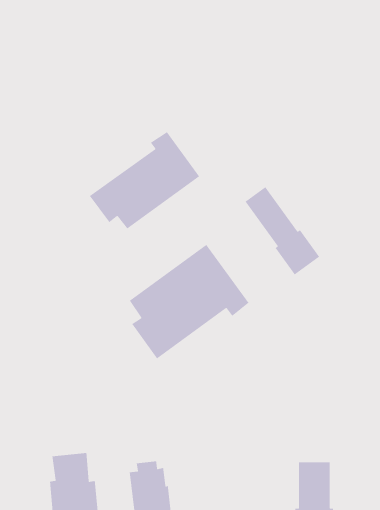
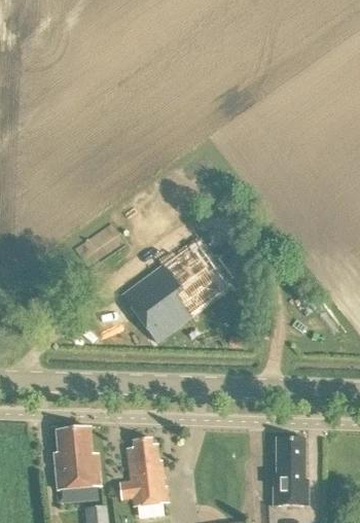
building: [89,131,200,229] -> none
building: [244,186,320,276] -> none

